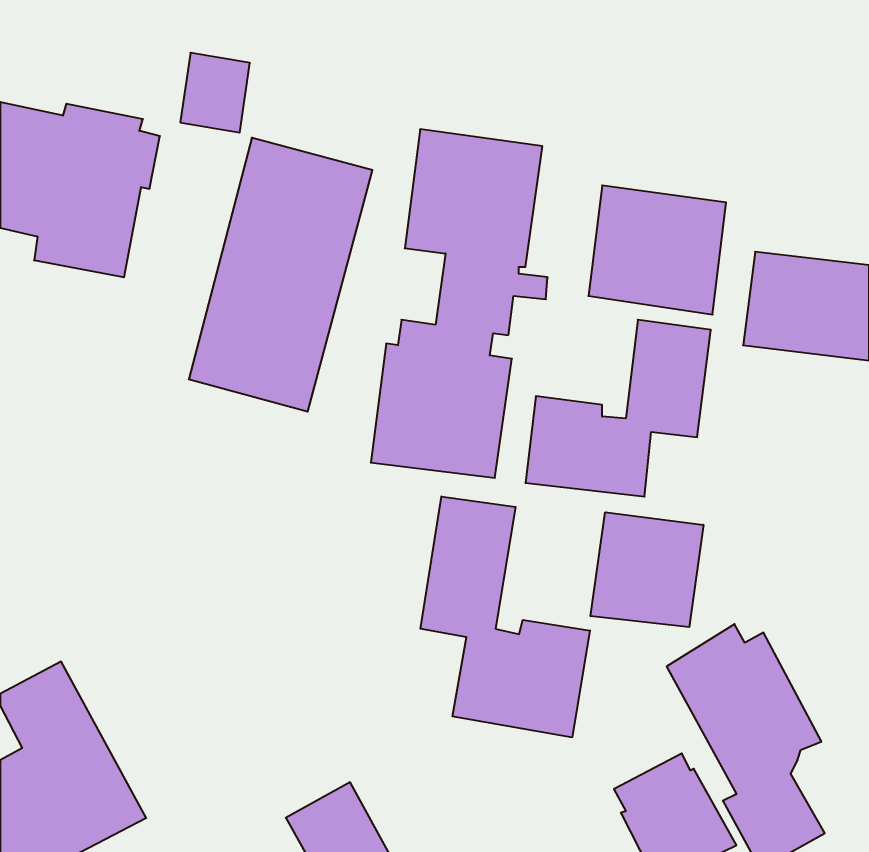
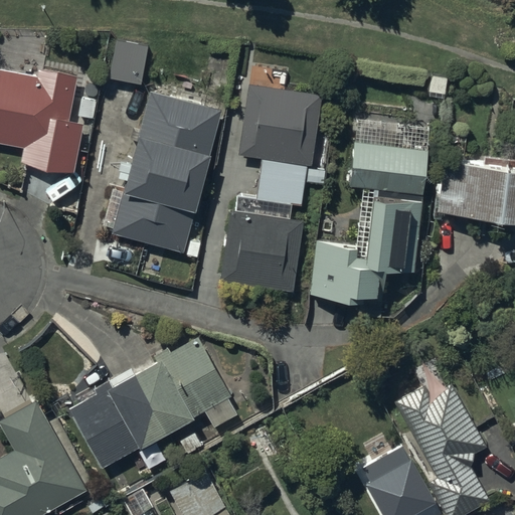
building: [420,496,590,737] -> none
building: [591,512,703,627] -> none
building: none -> [68,338,237,469]

